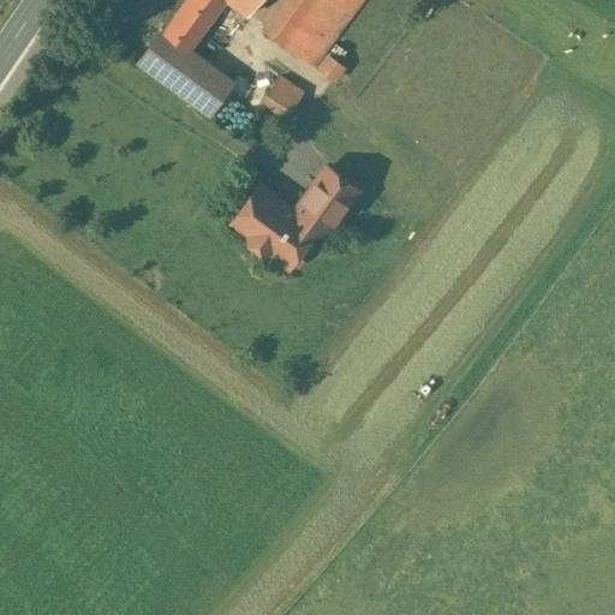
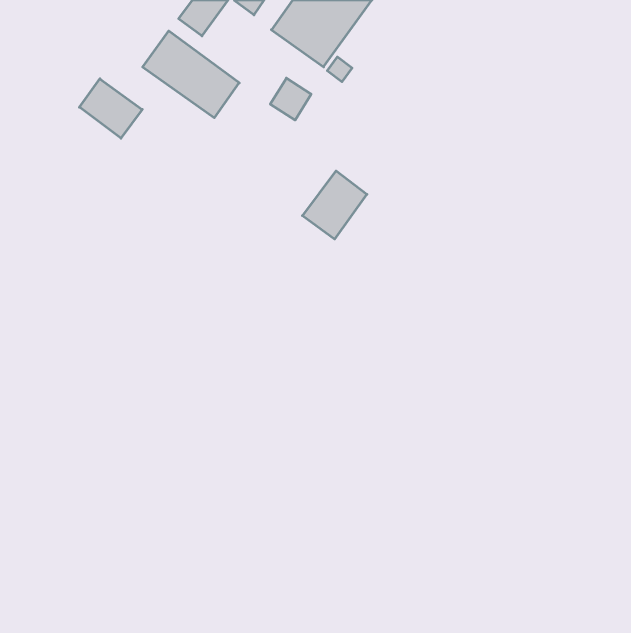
building: none -> [79,79,142,138]
building: [232,184,327,259] -> none

